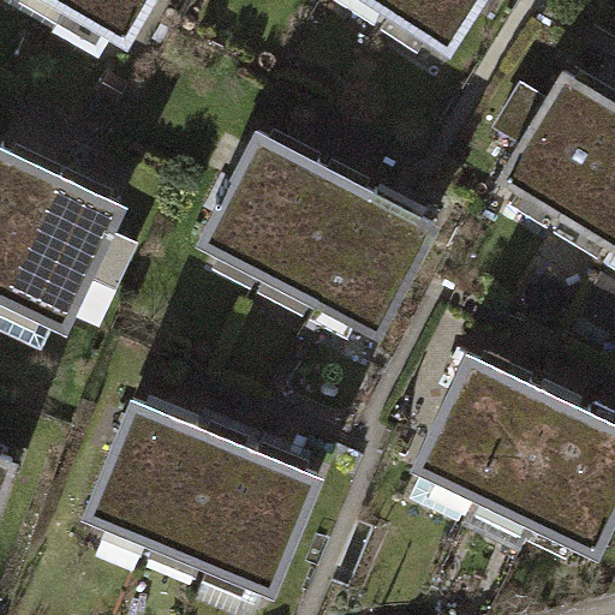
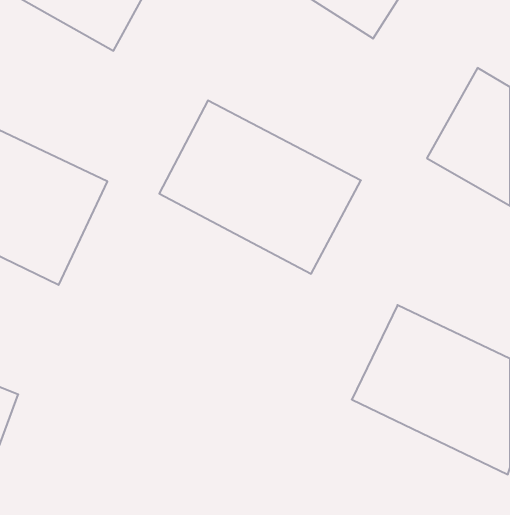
building: [94,410,329,604] -> none

